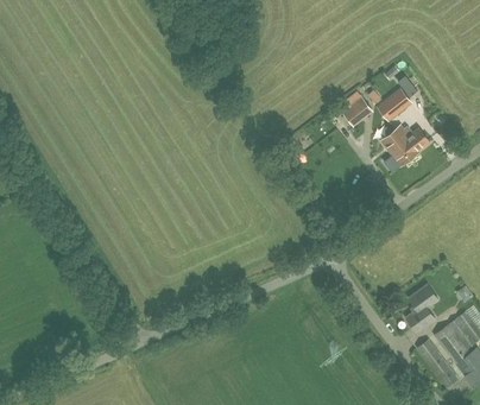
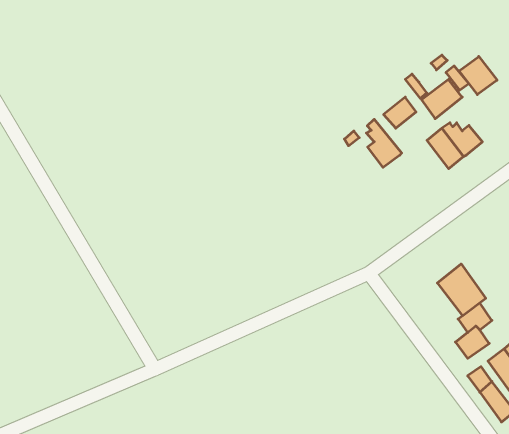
building: none -> [459,56,497,95]
building: none -> [366,119,402,167]
building: none -> [437,264,486,316]

